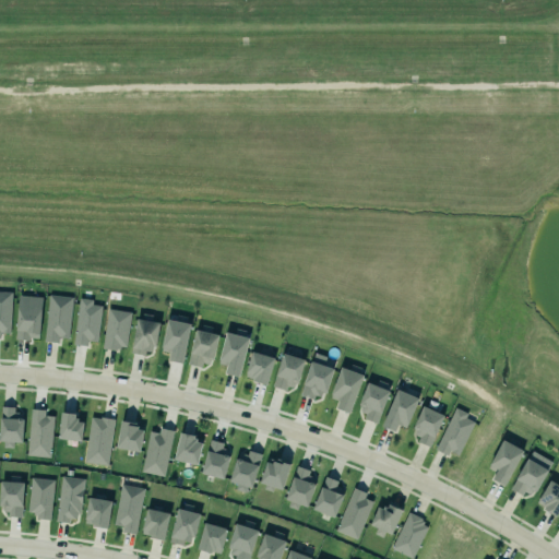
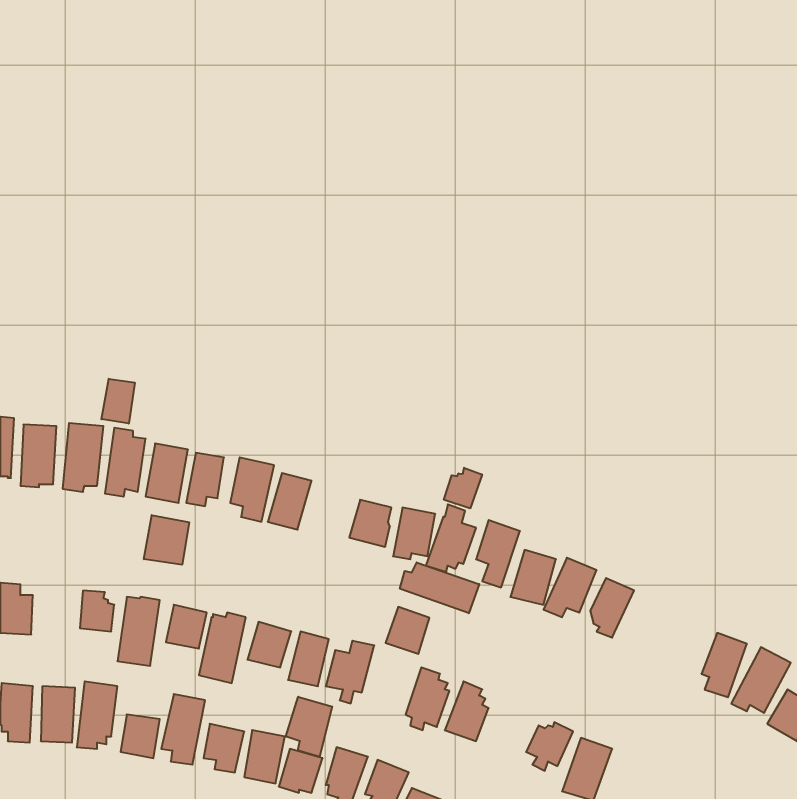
building: none -> [101,379,135,424]
building: none -> [444,468,482,508]
building: [221,334,250,378] -> none
building: none -> [144,515,189,565]
building: none -> [400,562,479,613]
building: [28,411,56,460] -> none
building: [438,411,477,460] -> none
building: [261,459,292,491] -> [386,607,429,654]
building: [336,486,373,540] -> none
building: none -> [286,697,332,757]

